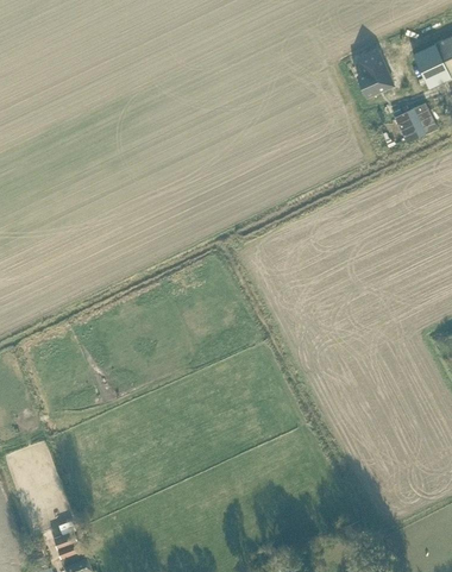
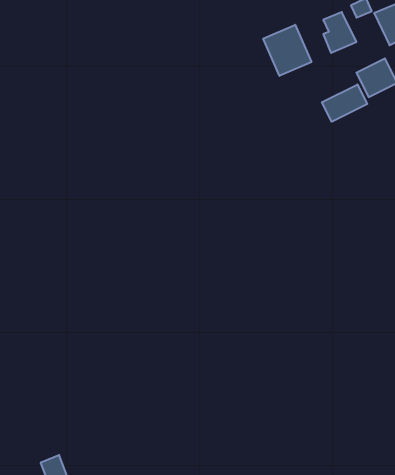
building: none -> [263,25,311,76]
building: none -> [322,84,367,122]

